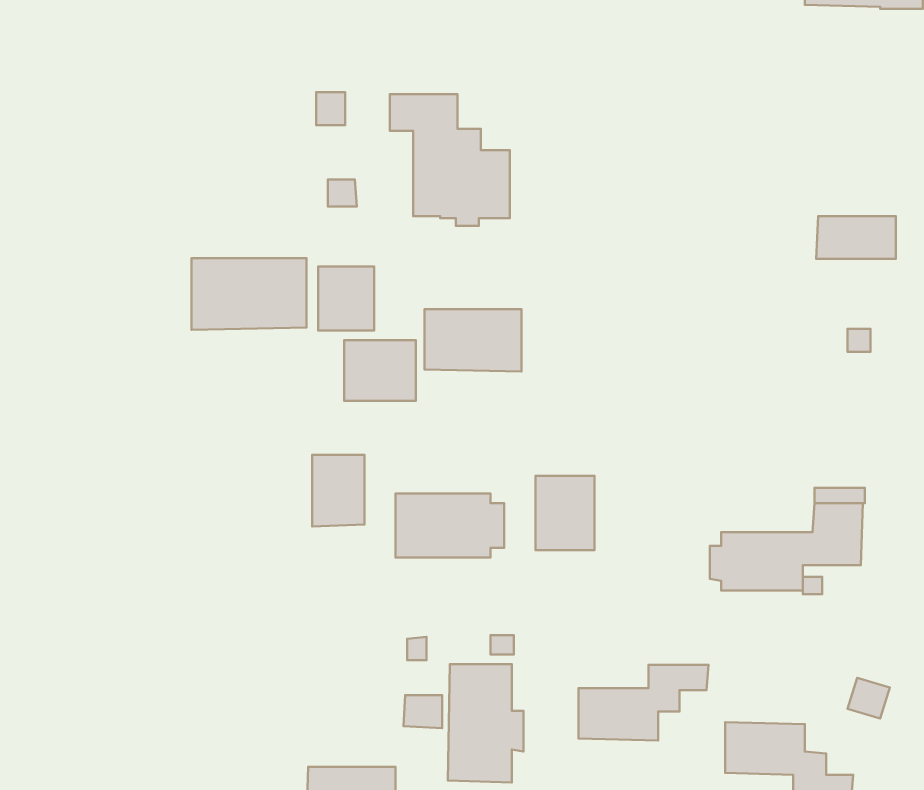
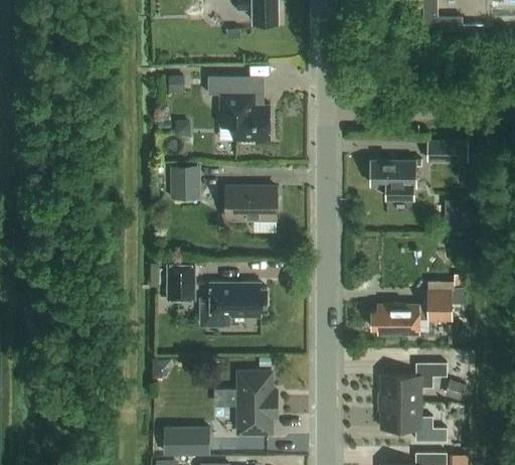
building: none -> [373,159,423,198]
building: [191,258,307,330] -> none
building: [344,340,416,401] -> none
building: [536,476,595,550] -> none
building: [579,665,709,740] -> [381,363,449,403]

